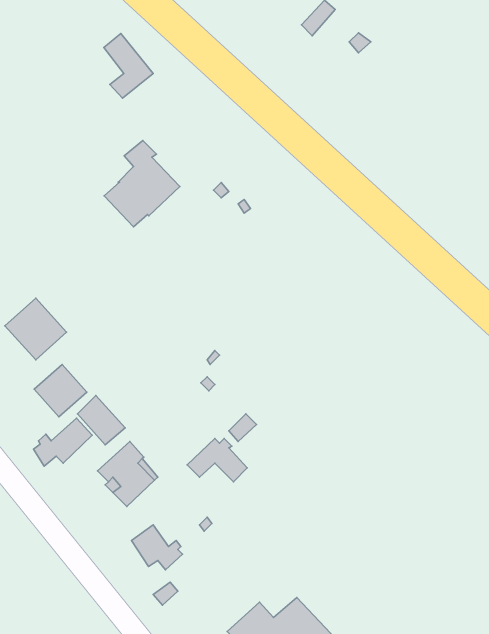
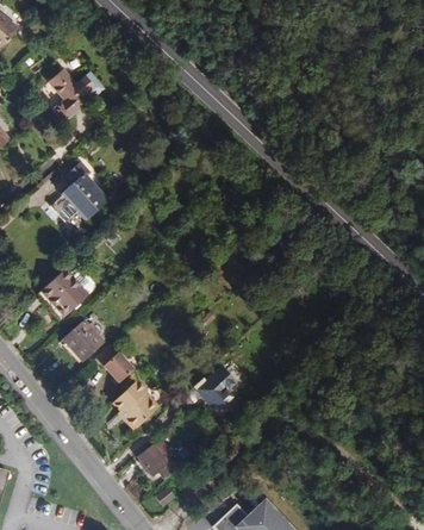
building: [104,33,153,98] -> [49,70,87,120]
building: [104,140,180,227] -> [50,163,108,230]
building: [33,418,92,466] -> none

